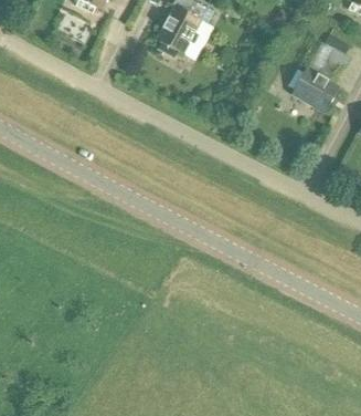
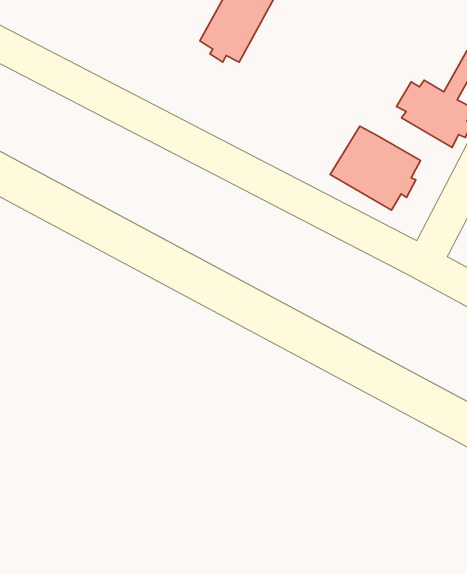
building: none -> [330,126,420,210]

